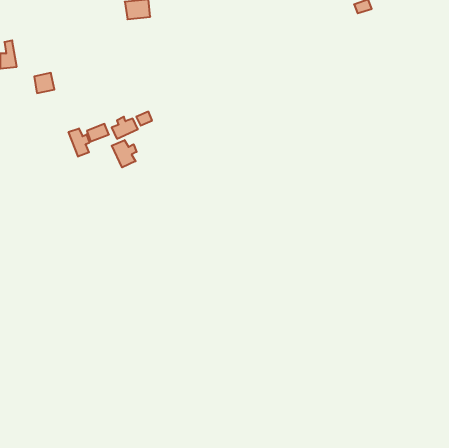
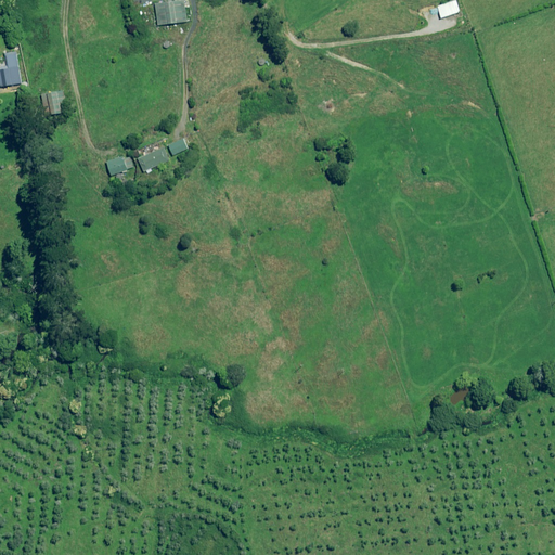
building: [69,128,89,157] -> none
building: [112,140,137,167] -> none

